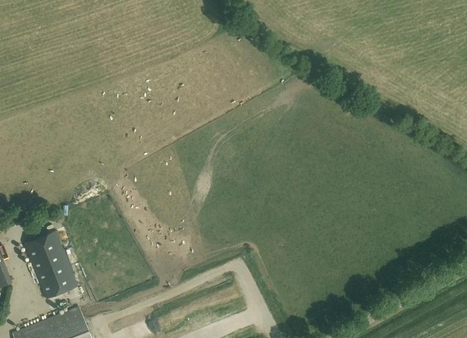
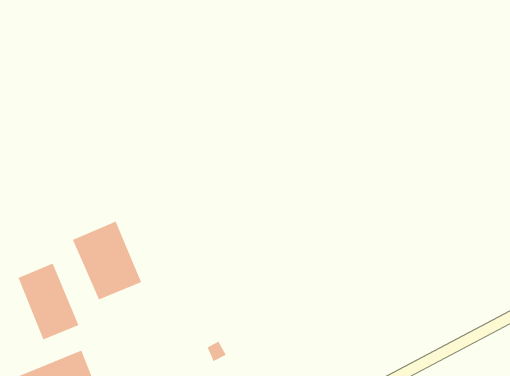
building: none -> [72,221,142,301]

